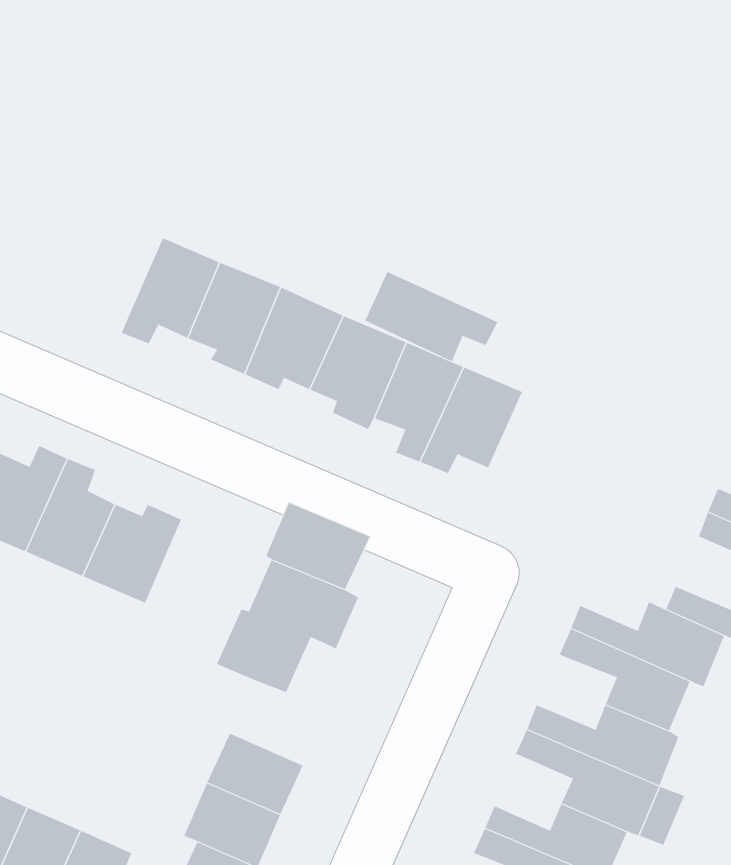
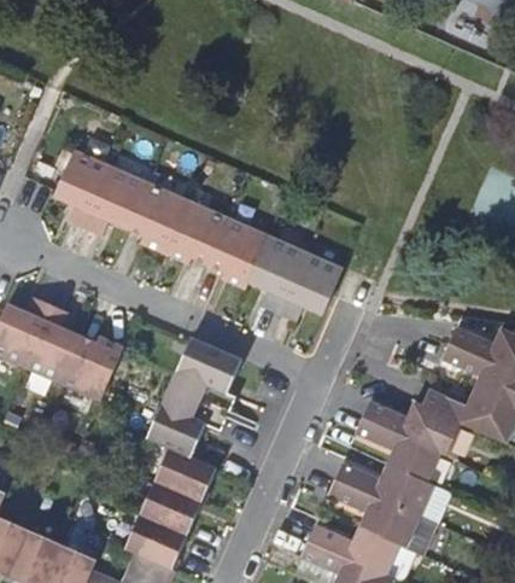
building: none -> [53,150,110,226]
building: [364,271,498,362] -> none
building: none -> [152,445,213,500]

